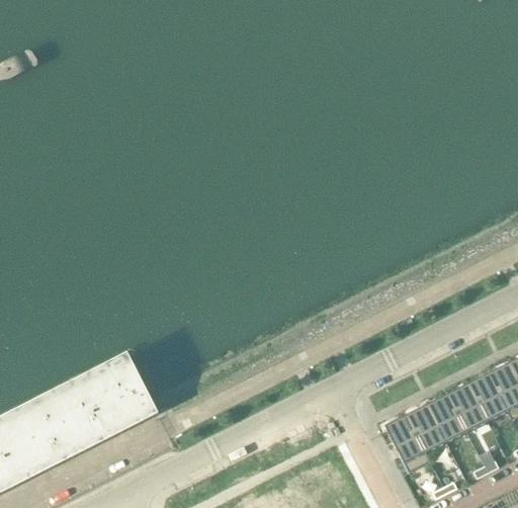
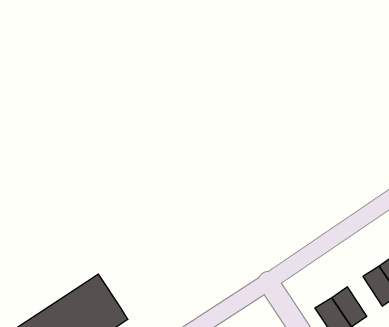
building: [426,394,465,442] -> none

